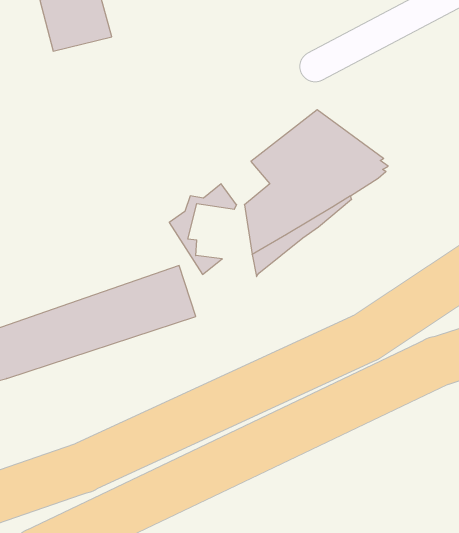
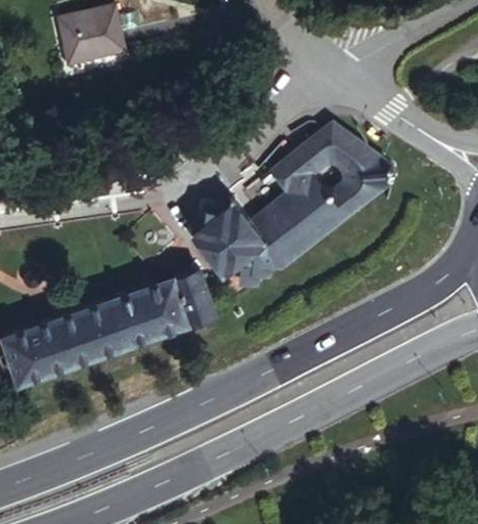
building: none -> [204,214,267,294]

